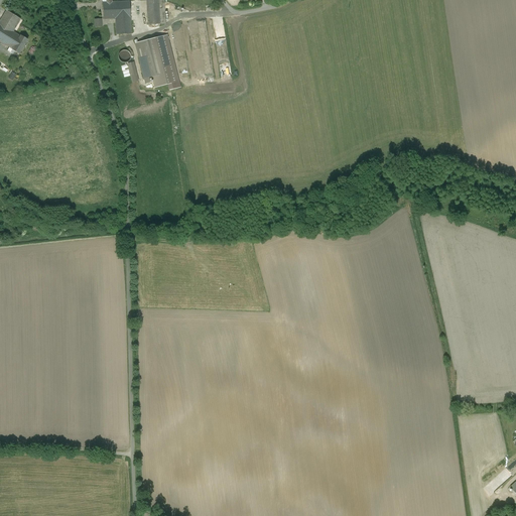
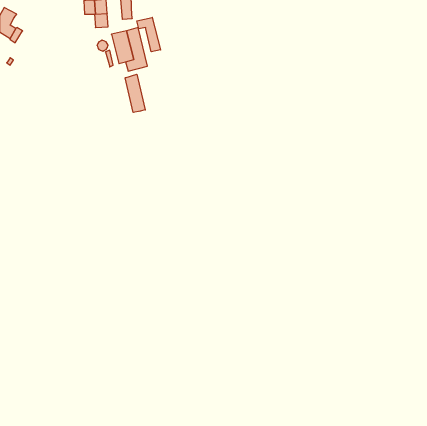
building: none -> [137,17,161,52]
building: none -> [125,74,145,112]

